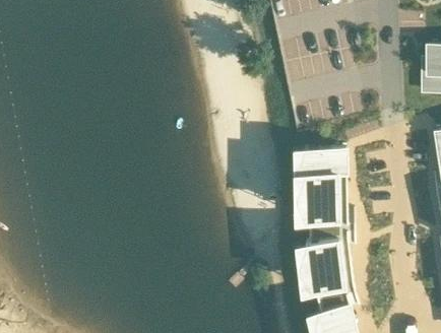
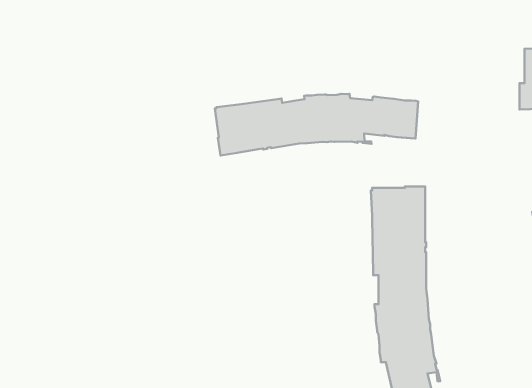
building: none -> [215,94,418,156]

